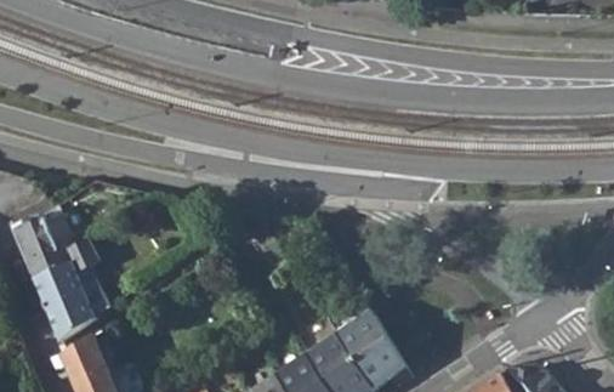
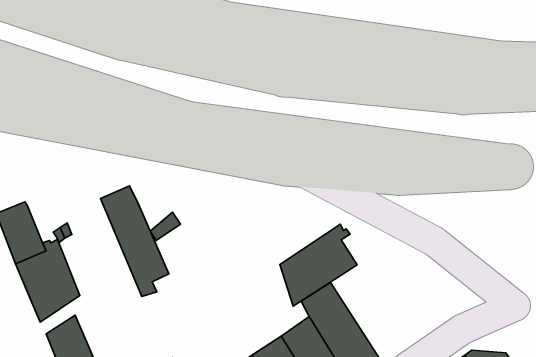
building: none -> [100,186,169,297]
building: none -> [280,224,357,306]

